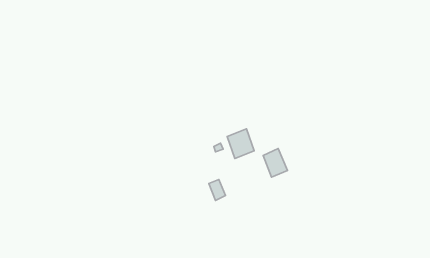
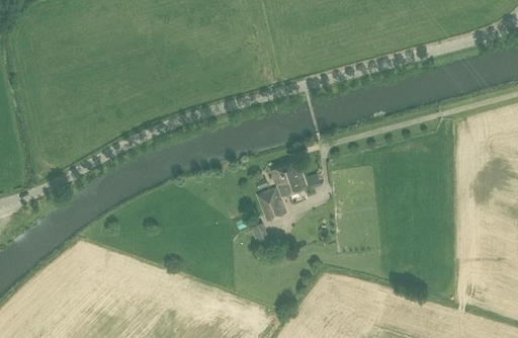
building: [263,149,287,177] -> [257,187,286,222]

